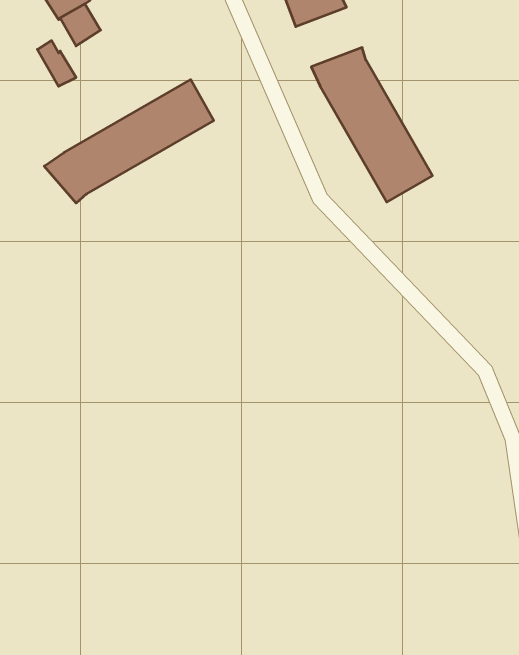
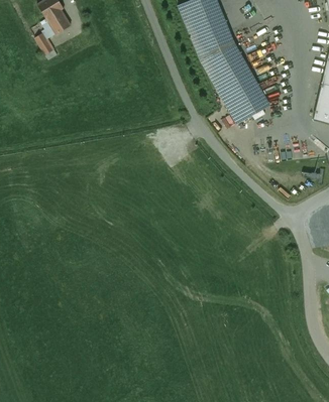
building: none -> [184,11,222,45]
building: [44,80,214,203] -> none

